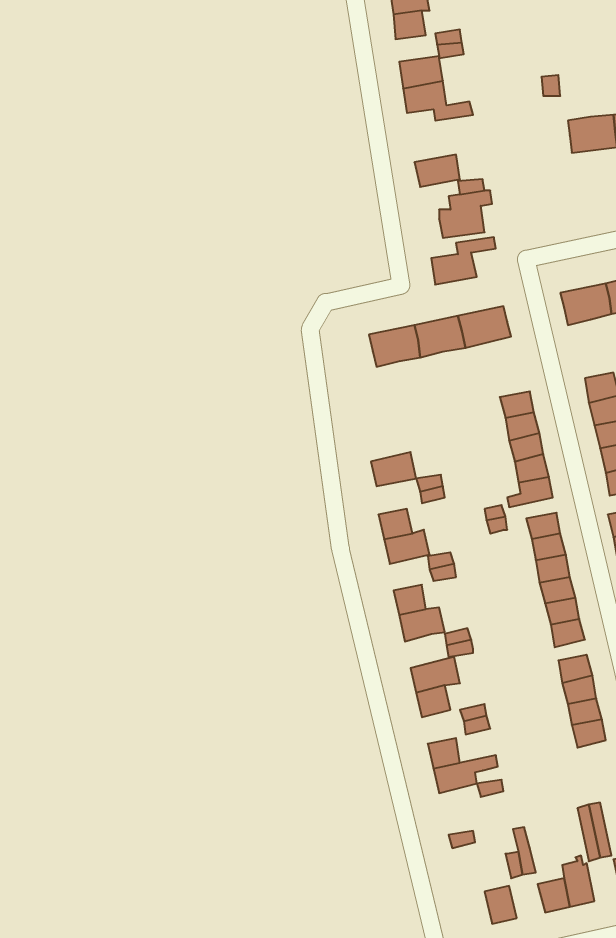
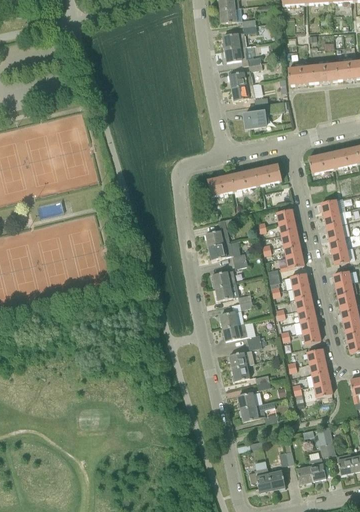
building: none -> [288,66,314,85]
building: [431,237,496,285] -> [229,63,263,88]
building: none -> [206,217,238,246]
building: none -> [249,467,272,493]

